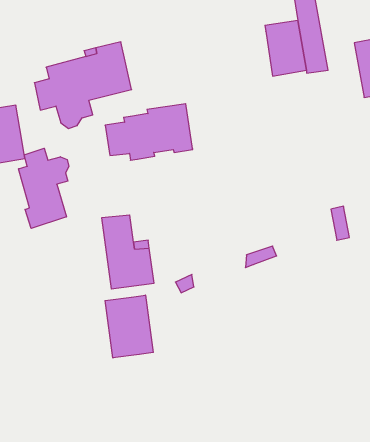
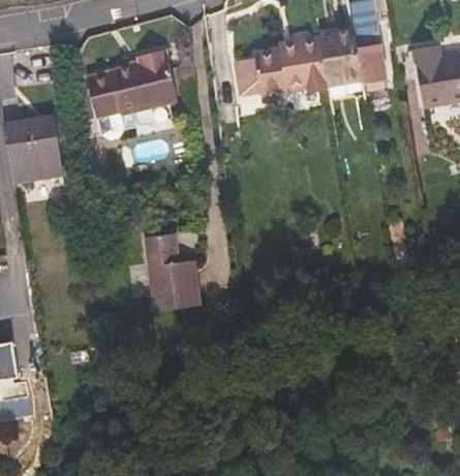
building: [105,104,193,160] -> [234,38,327,98]
building: [19,148,69,228] -> none
building: [105,295,153,358] -> none

